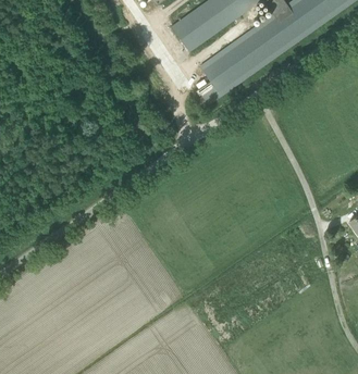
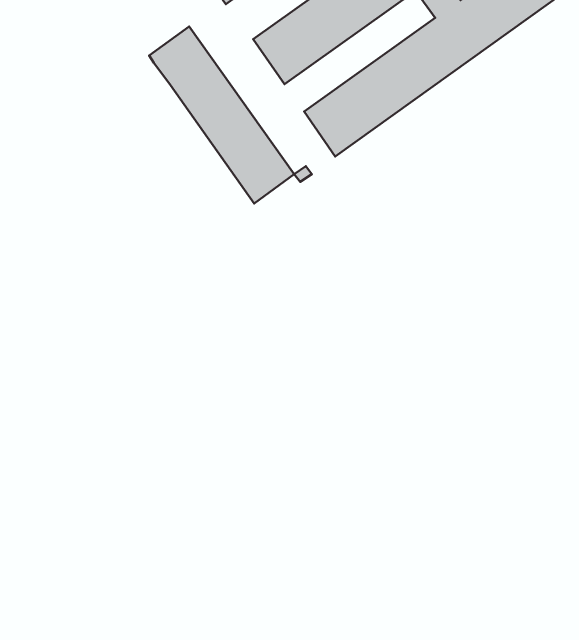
building: none -> [149,26,294,203]

